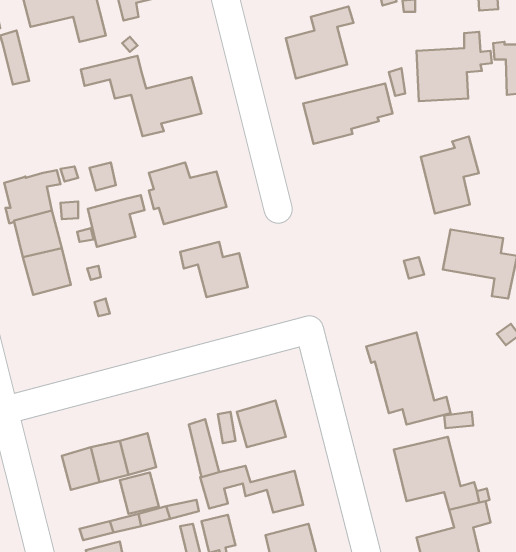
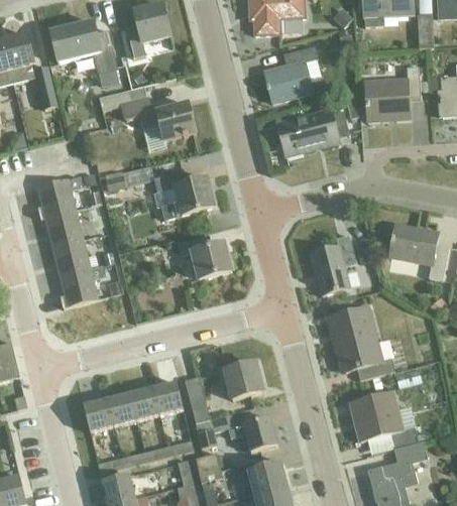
building: [421,137,479,213] -> [310,234,356,295]
building: [88,195,144,247] -> [60,265,105,306]
building: [120,472,159,514] -> [151,381,183,414]

